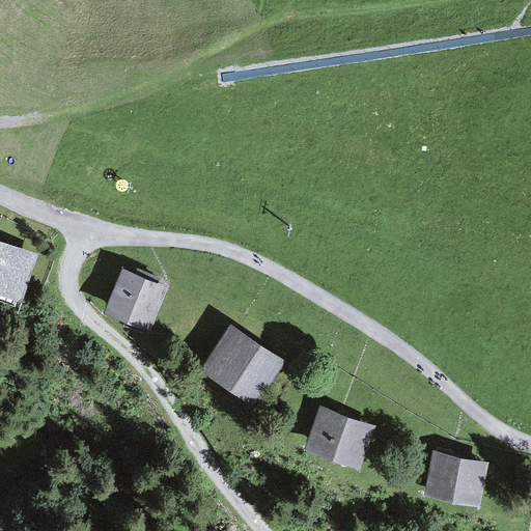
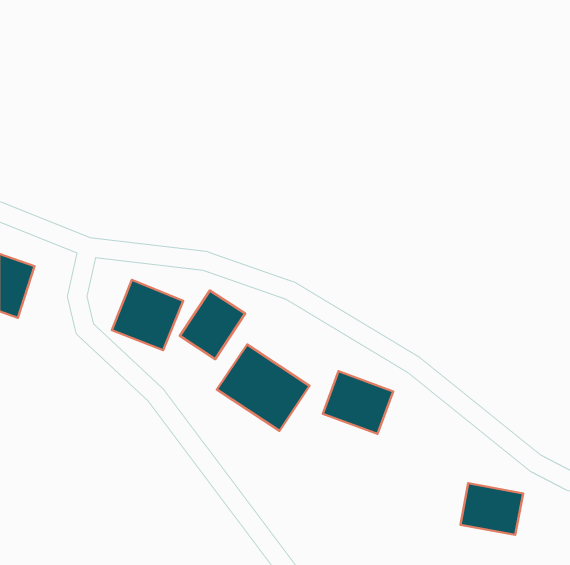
building: none -> [180,290,245,359]
building: [305,409,370,467] -> [323,371,393,434]

